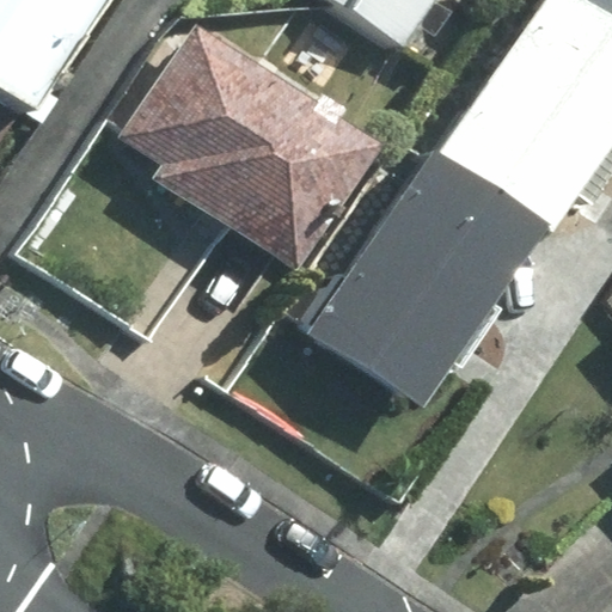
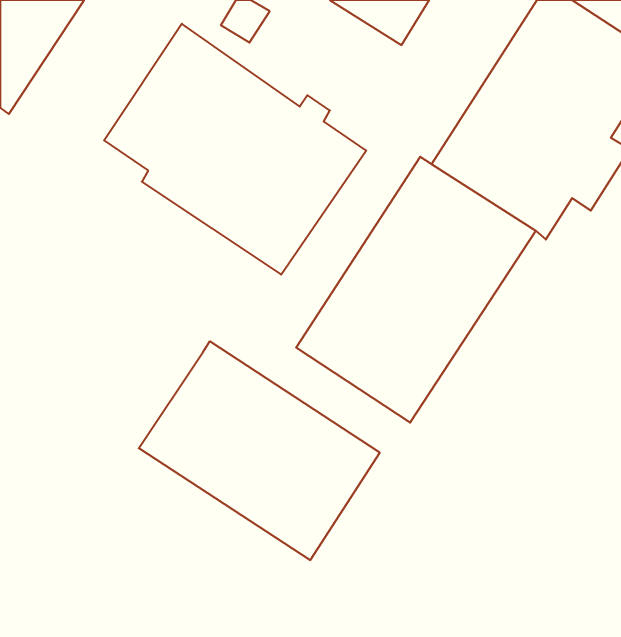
building: none -> [139,341,380,560]

